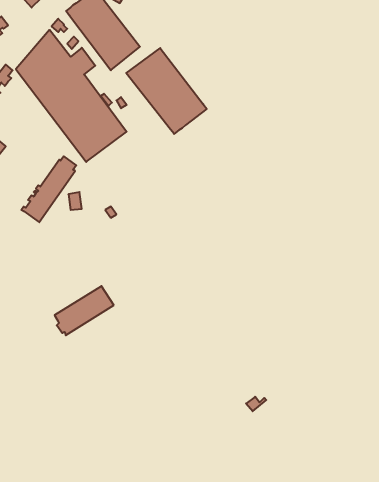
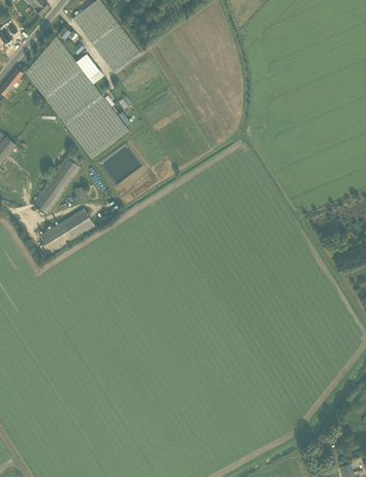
building: [126,48,207,134] -> none
building: [55,286,114,335] -> [39,207,94,252]

